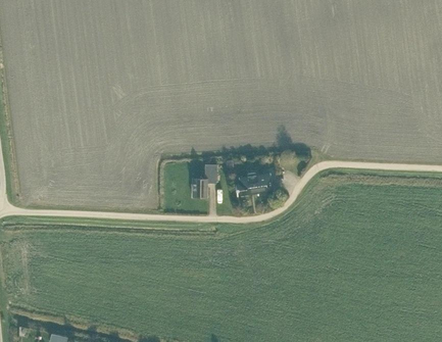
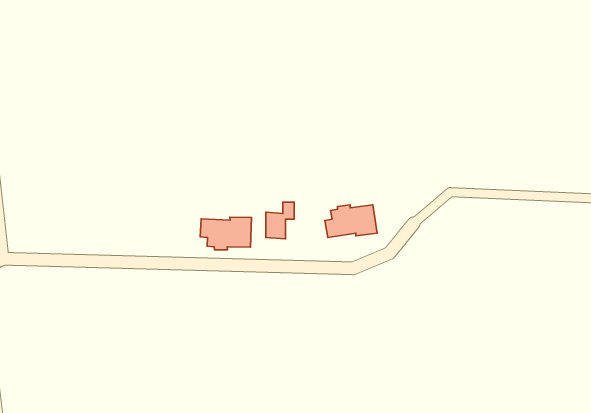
building: none -> [200,217,252,250]

